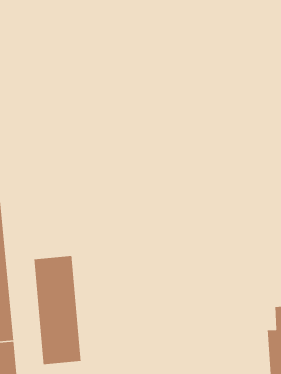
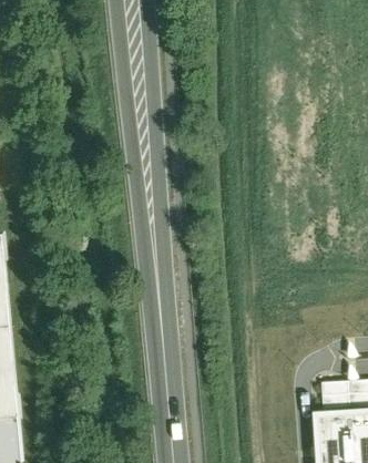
building: [33,255,82,365] -> none

